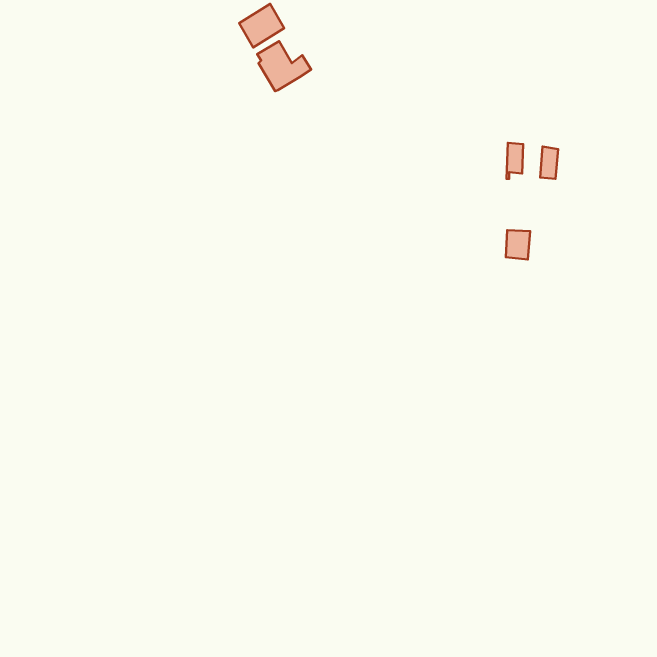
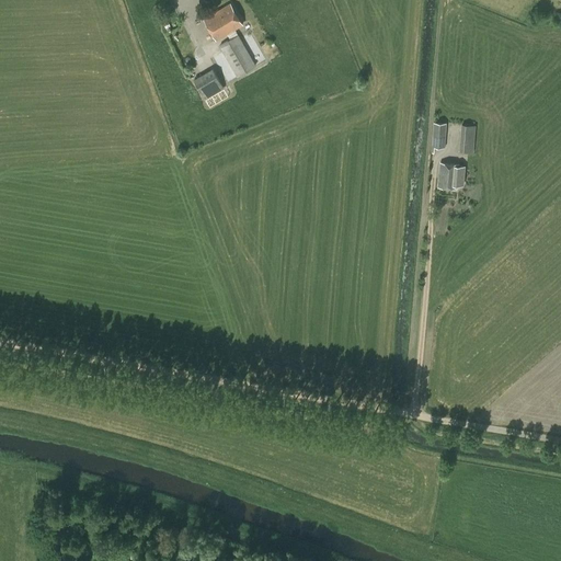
building: none -> [193,68,224,100]
building: [506,230,530,260] -> [438,163,459,188]

